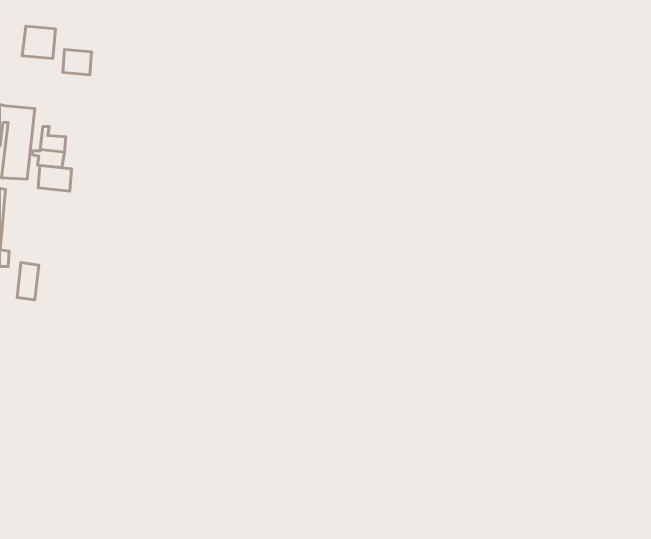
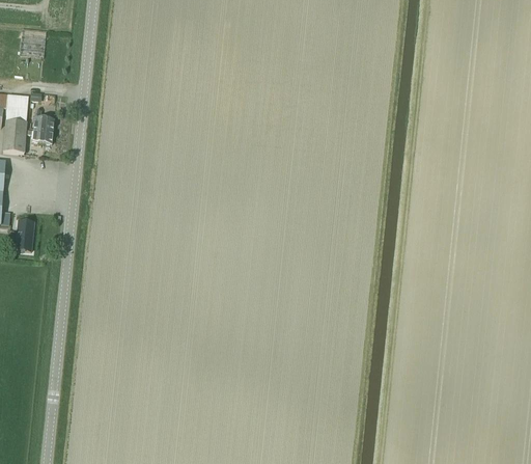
building: [63,50,91,75] -> none
building: [38,165,72,191] -> none

